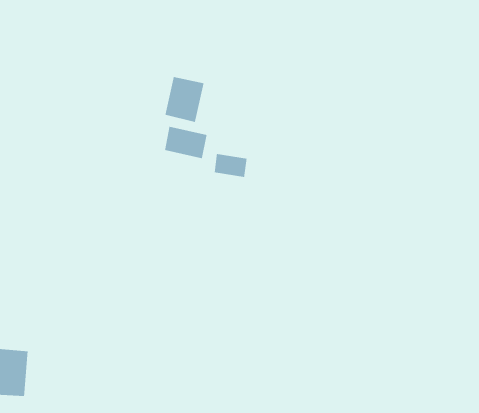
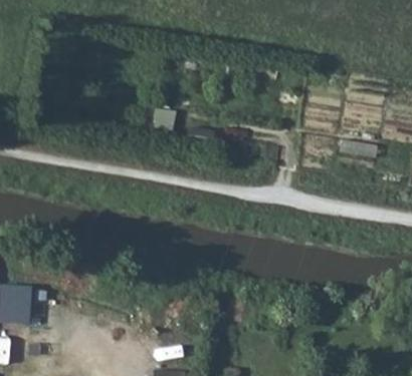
building: [164,76,204,123] -> none

